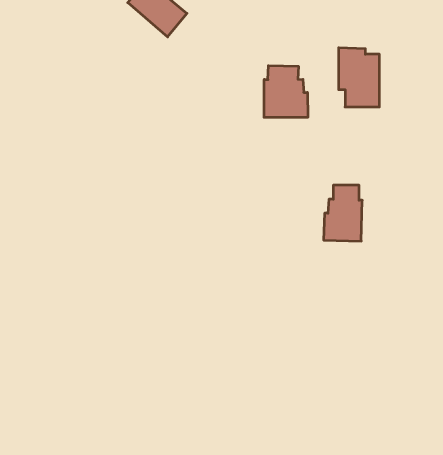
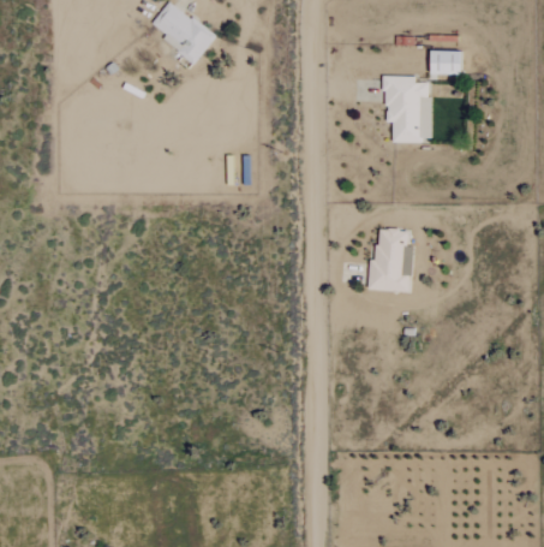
building: none -> [430,50,461,75]
building: [264,66,308,117] -> none

